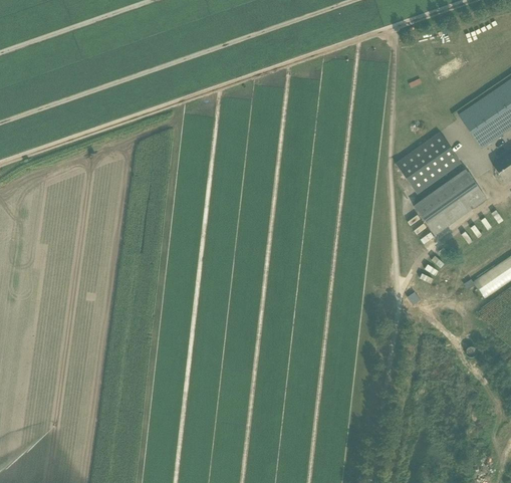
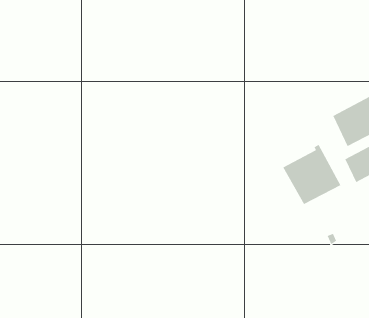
building: none -> [283,144,341,205]

